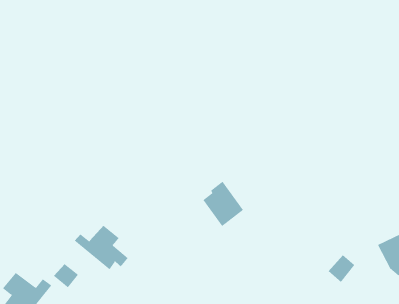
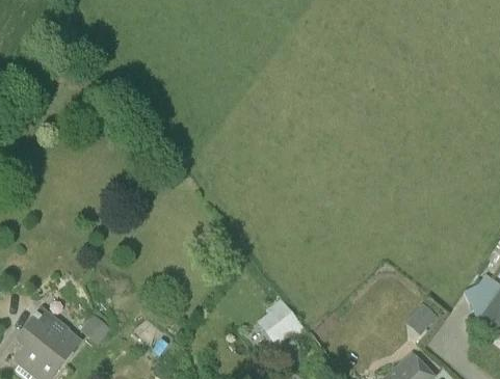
building: [203,181,244,227] -> [257,296,306,350]
building: [74,225,129,270] -> none

